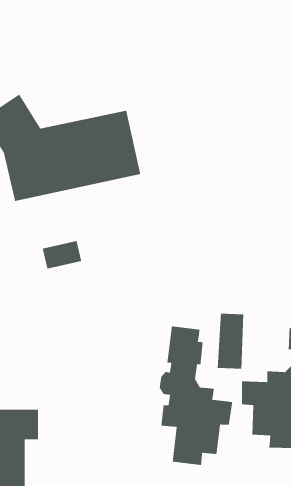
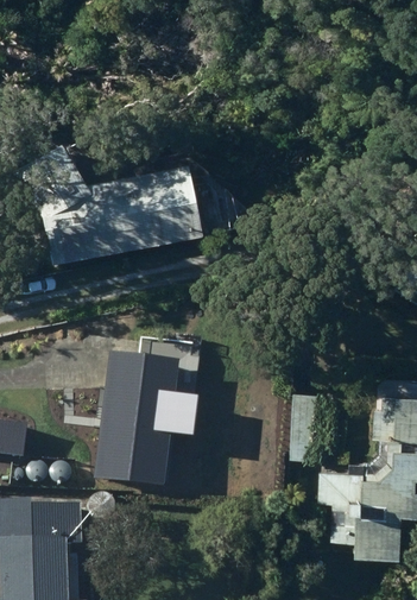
building: none -> [95,355,181,490]
building: [159,326,233,466] -> none

